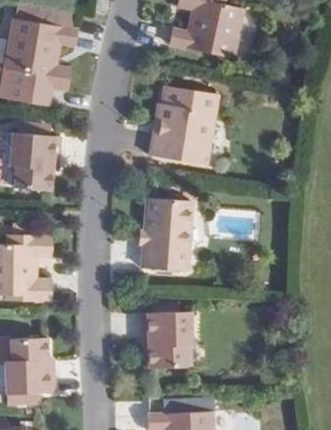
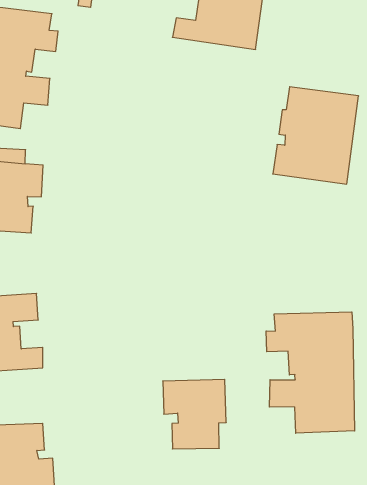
building: [146,87,218,167] -> [273,87,359,184]
building: [142,198,192,271] -> none
building: none -> [266,312,355,433]

